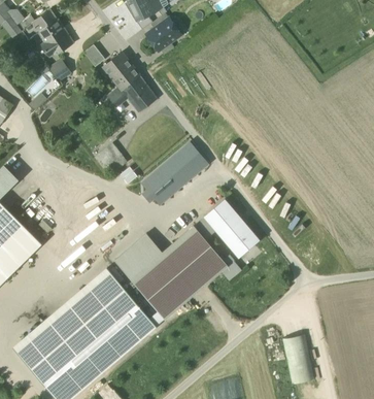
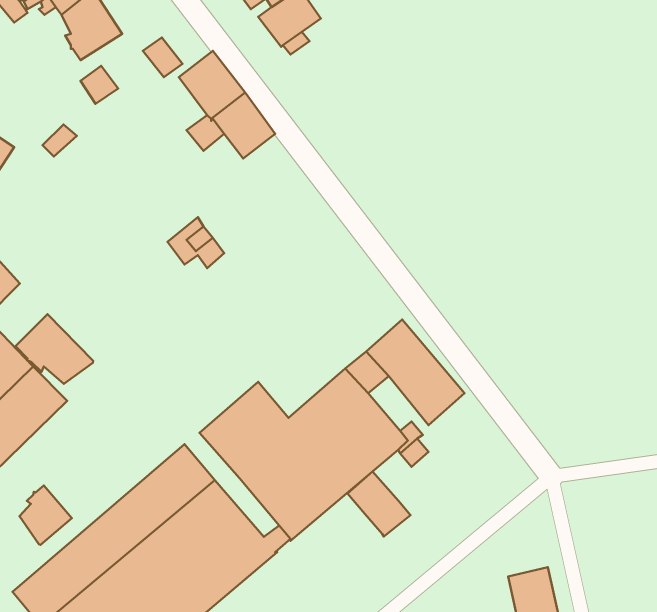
building: [143,143,207,203] -> none
building: none -> [16,314,93,384]
building: none -> [348,471,411,536]
building: none -> [20,486,72,545]

